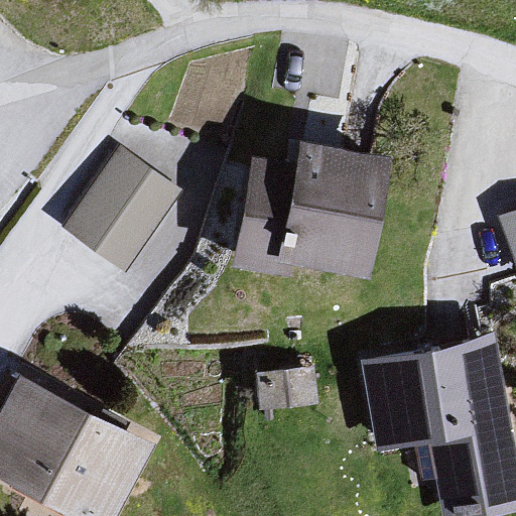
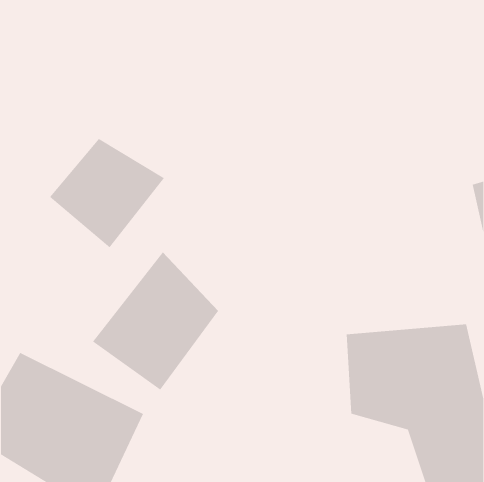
building: [240,143,392,280] -> none
building: none -> [92,251,219,390]

